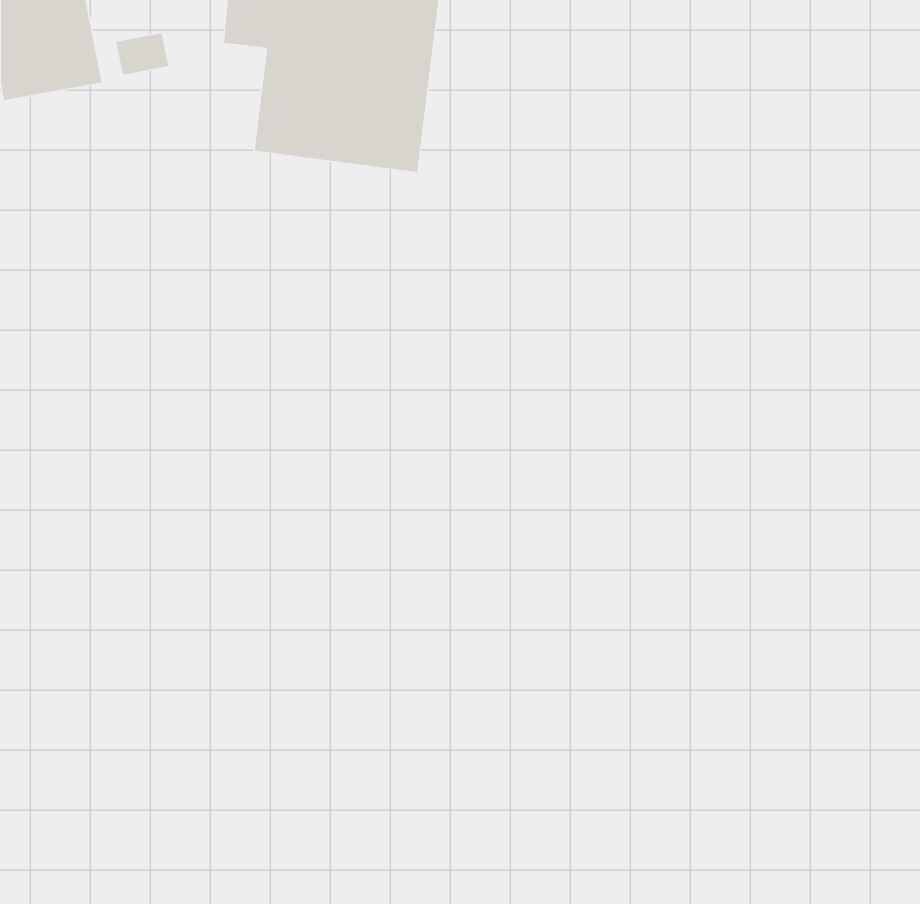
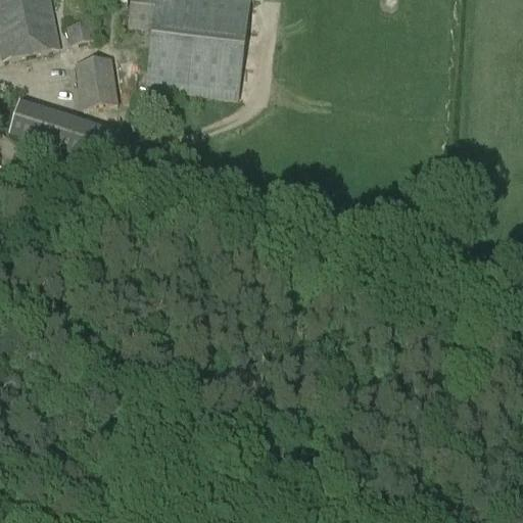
building: none -> [75,55,117,107]
building: none -> [9,98,117,164]

